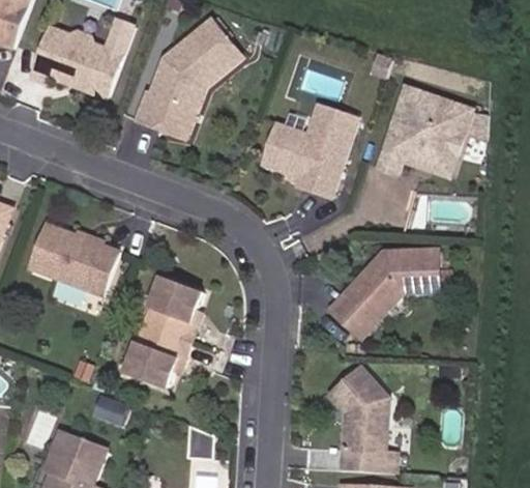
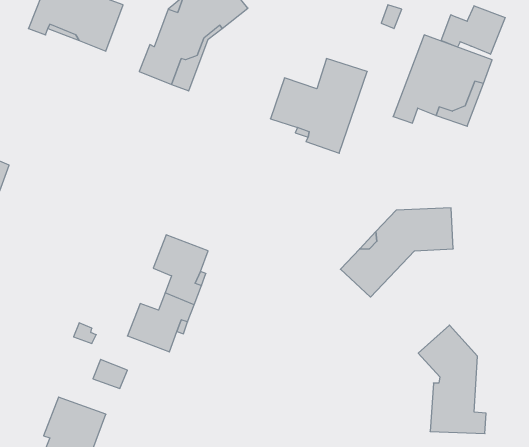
building: none -> [441,6,505,54]
building: [29,223,118,295] -> none
building: [330,368,395,472] -> [418,325,486,434]

